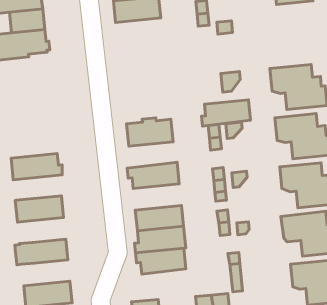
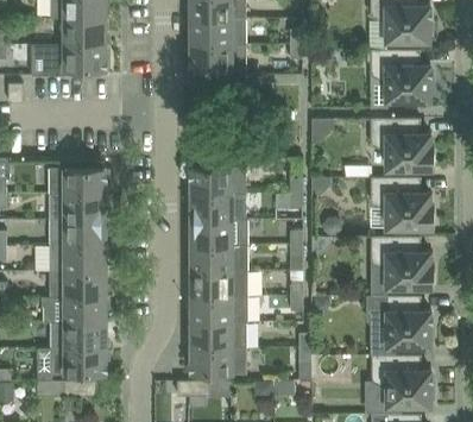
building: none -> [370,49,433,100]
building: none -> [190,43,245,74]
building: [202,100,251,126] -> [187,193,245,219]
building: none -> [49,166,108,193]
building: none -> [49,219,108,244]
building: none -> [191,244,247,270]
building: none -> [49,270,105,296]
building: none -> [49,321,105,347]
building: none -> [191,346,245,373]

